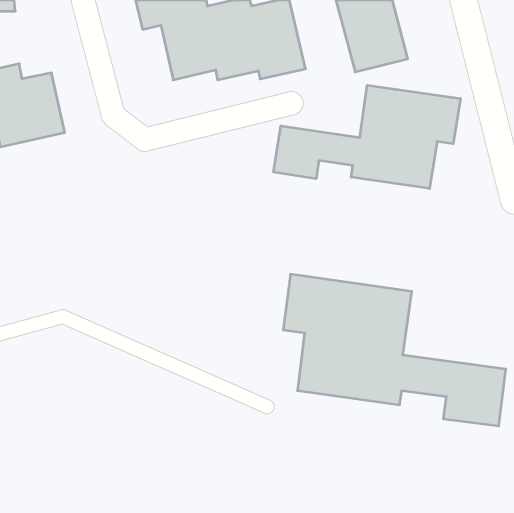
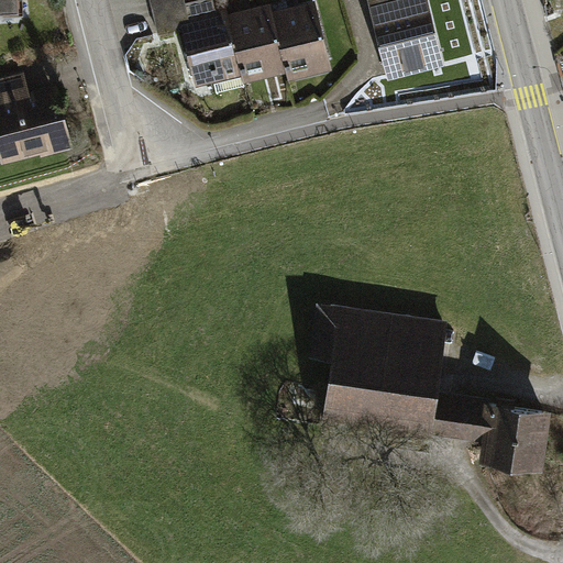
building: [274,85,460,189] -> none

